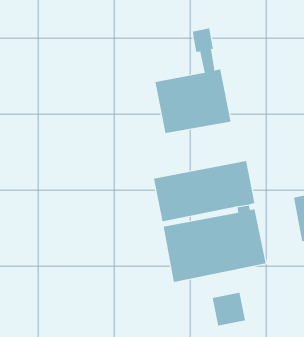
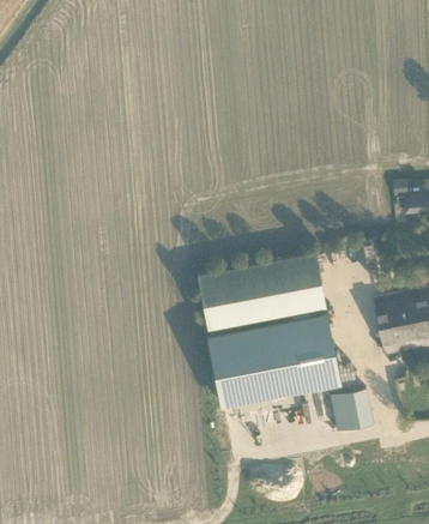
building: [155,27,231,134] -> none
building: [212,292,246,326] -> [328,389,371,432]

